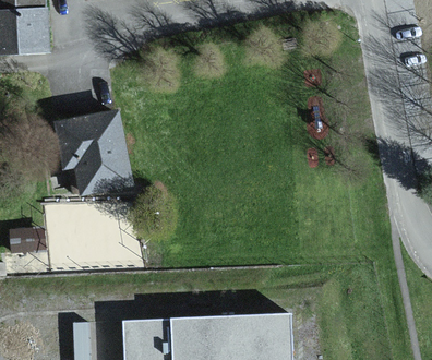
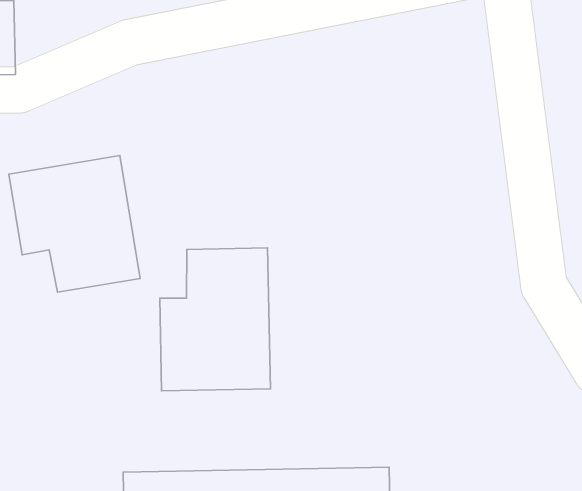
building: none -> [160,248,270,391]

